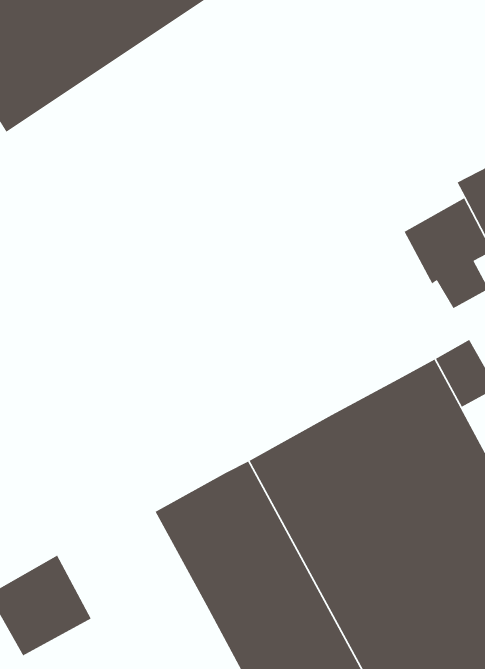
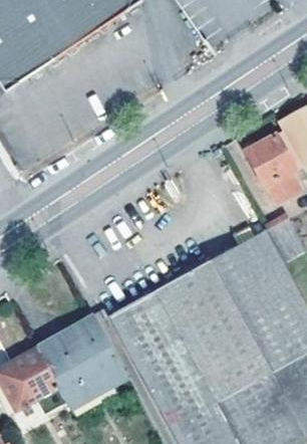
building: none -> [36,316,126,411]

